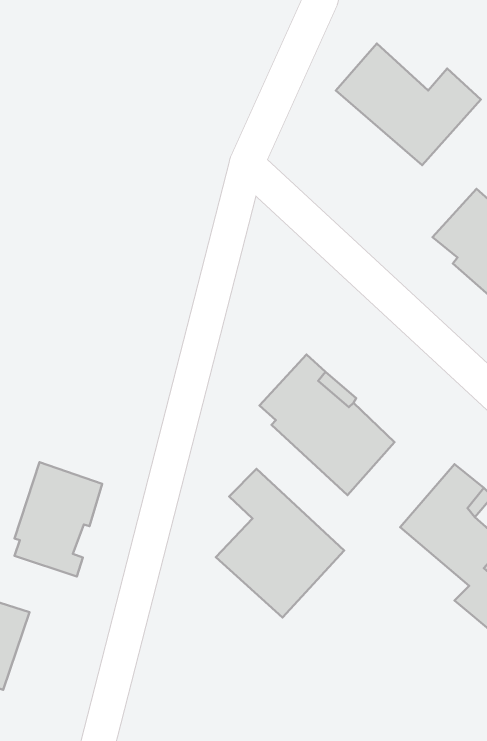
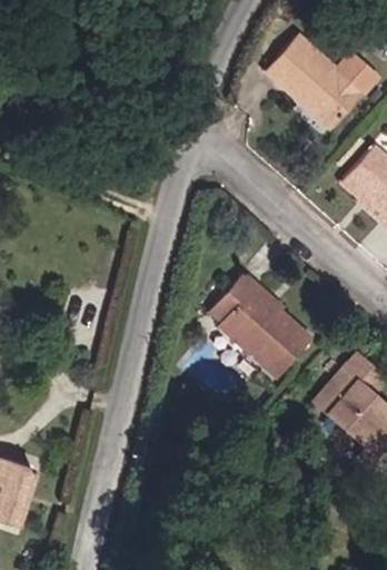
building: [14,462,102,577] -> none
building: [216,469,344,617] -> none

